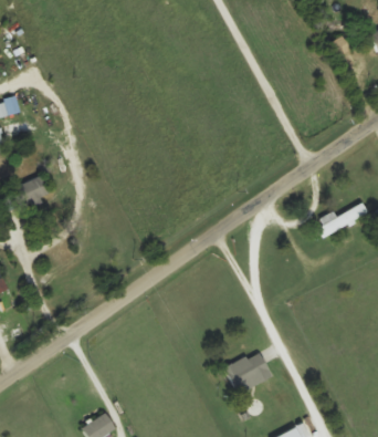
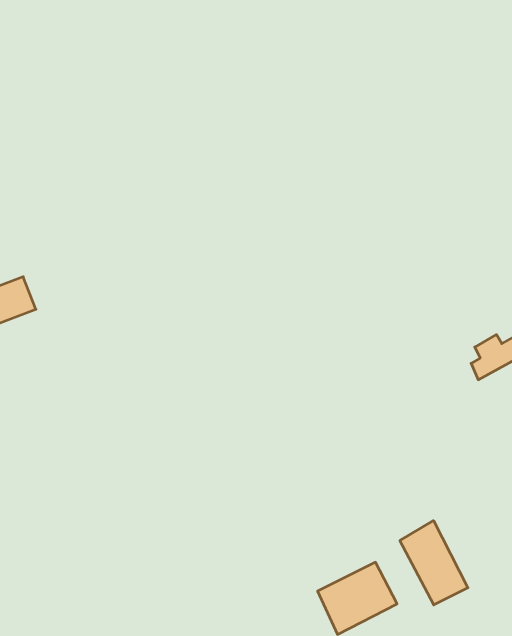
building: none -> [400,521,468,605]

